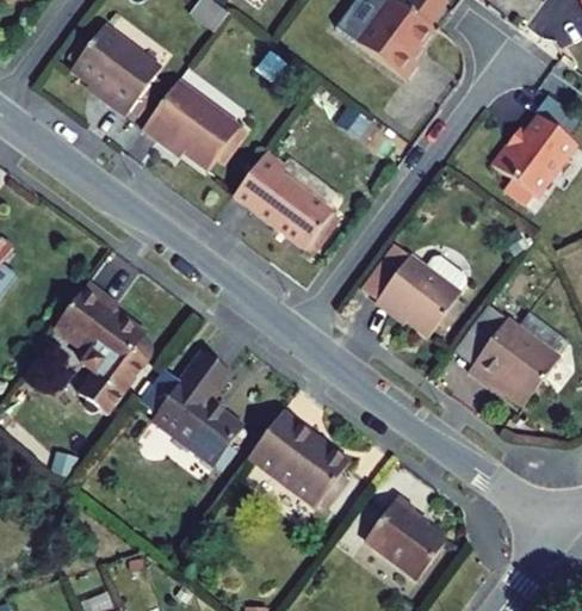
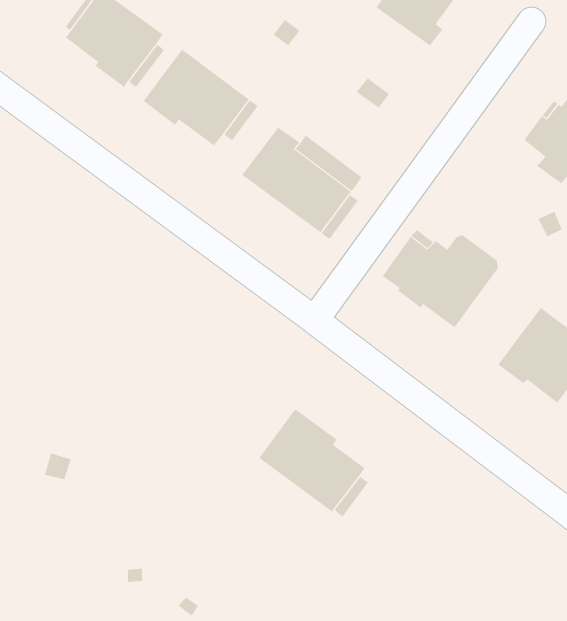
building: [54,282,150,414] -> none
building: [140,351,242,464] -> none
building: [365,496,446,578] -> none

